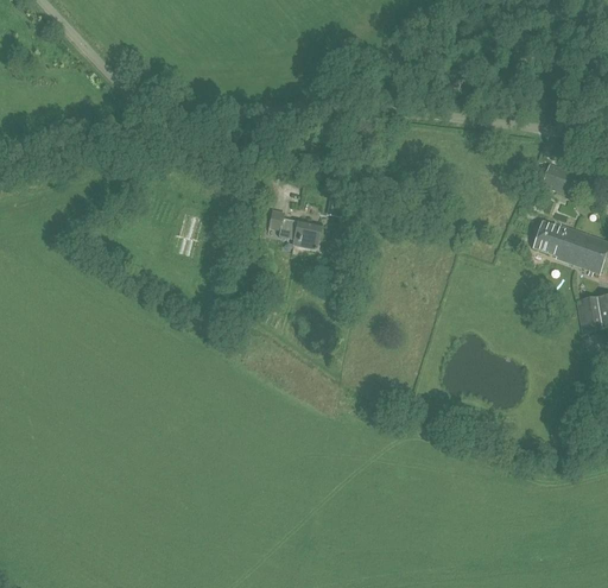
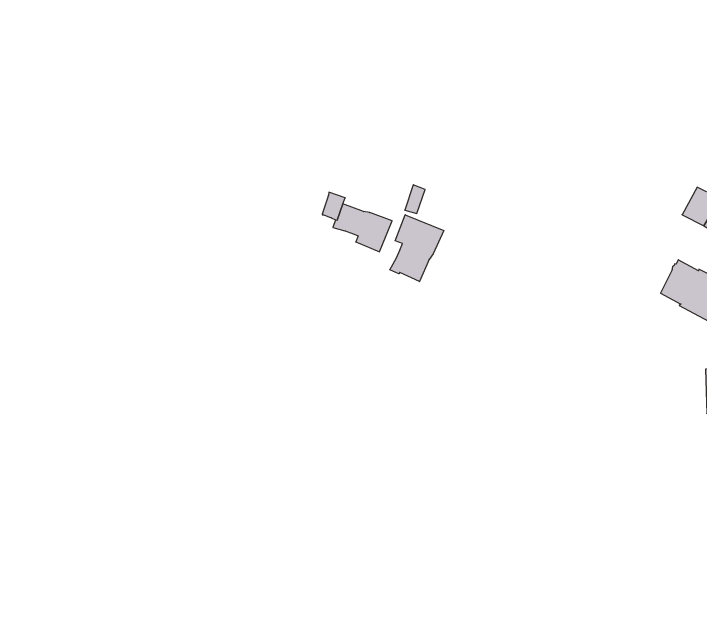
building: none -> [390,215,444,282]

